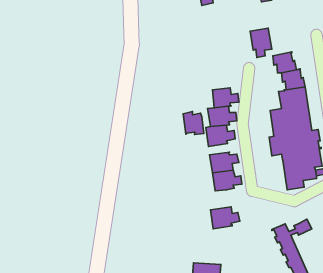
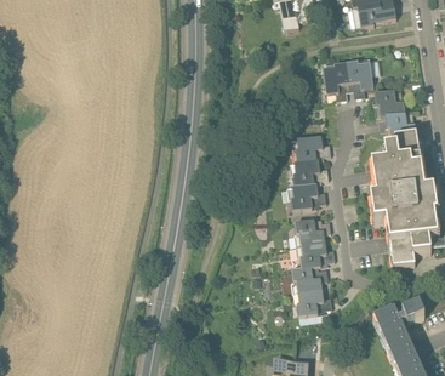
building: none -> [324,63,350,99]
building: [183,112,204,134] -> none
building: none -> [292,267,329,292]

